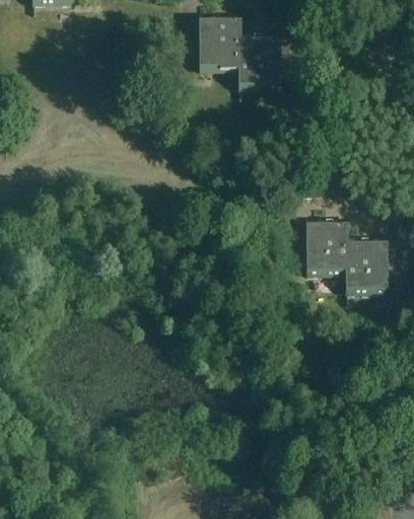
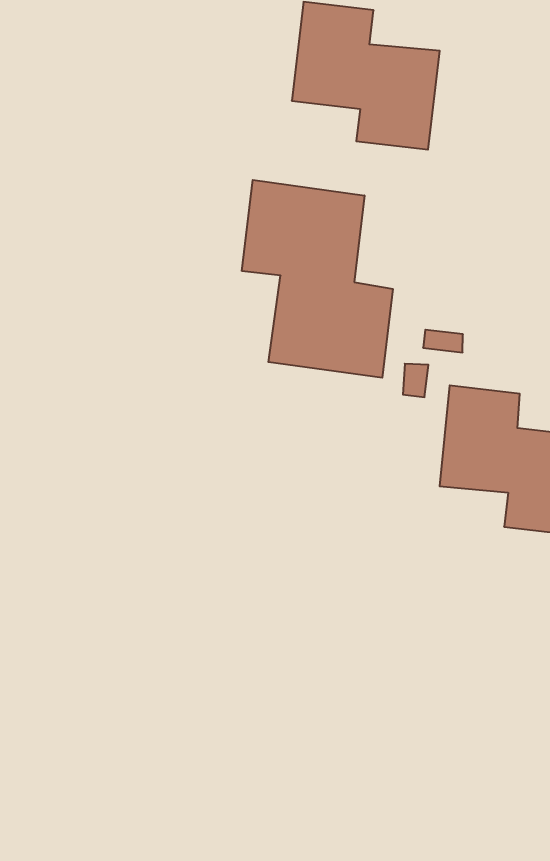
building: none -> [242,180,393,378]

